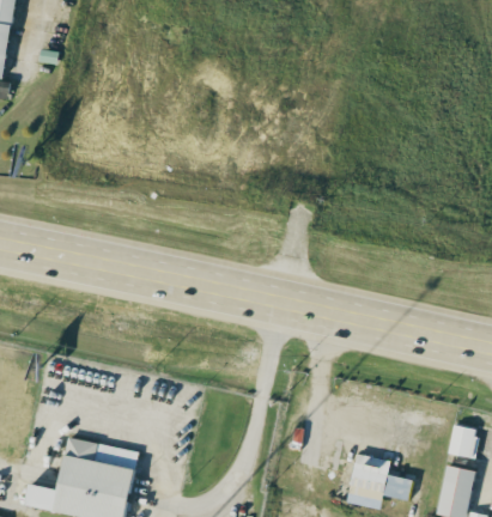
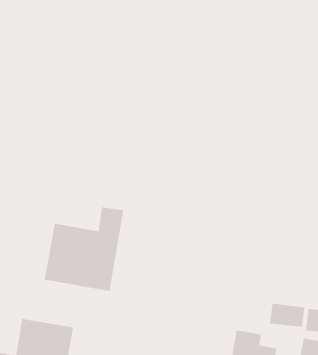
building: none -> [44,206,124,292]
building: none -> [270,303,305,327]

